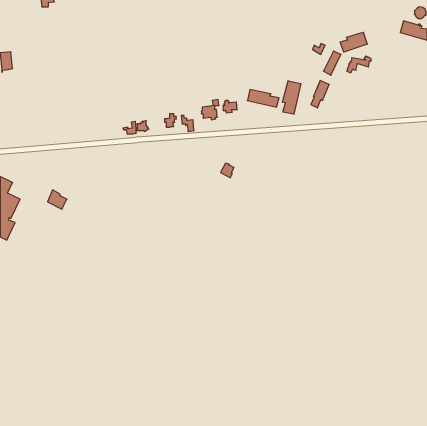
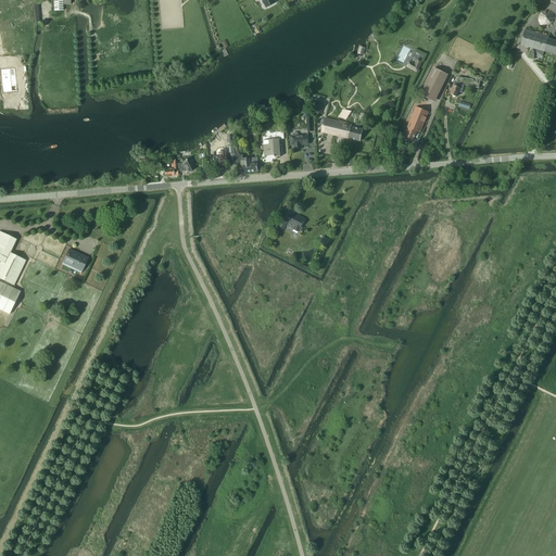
building: [340,32,367,52] -> none
building: [282,81,301,114] -> none

